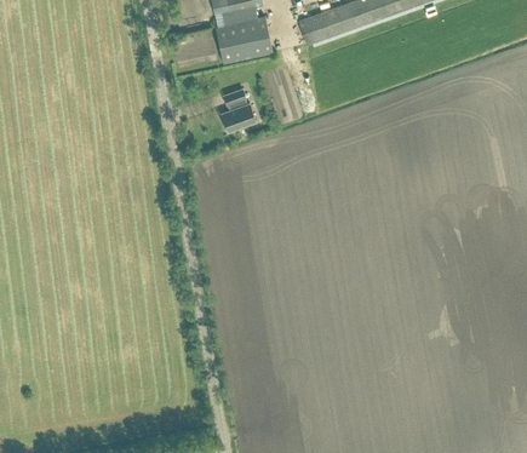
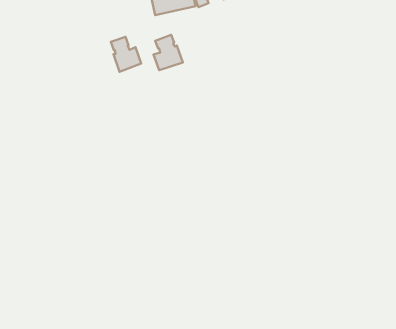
building: none -> [111,37,141,72]

